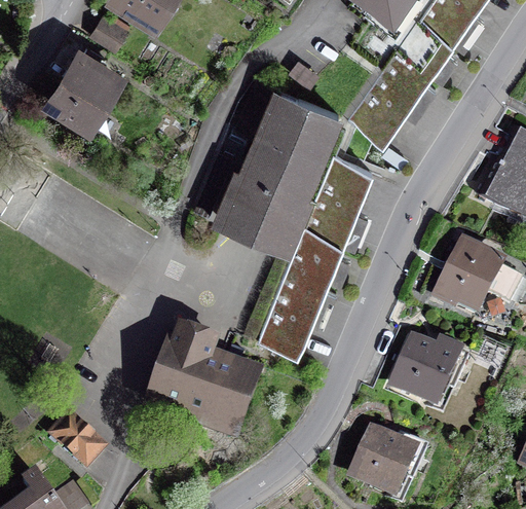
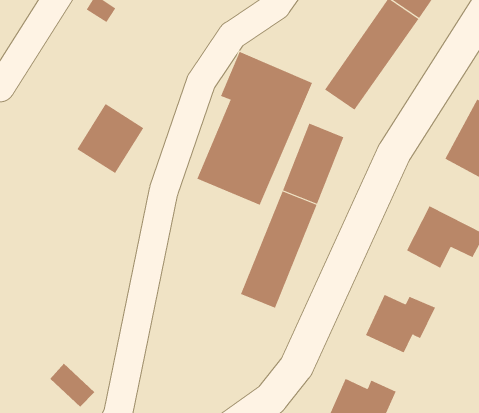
building: [47,50,120,126] -> [76,103,144,174]
building: [157,328,256,427] -> none

